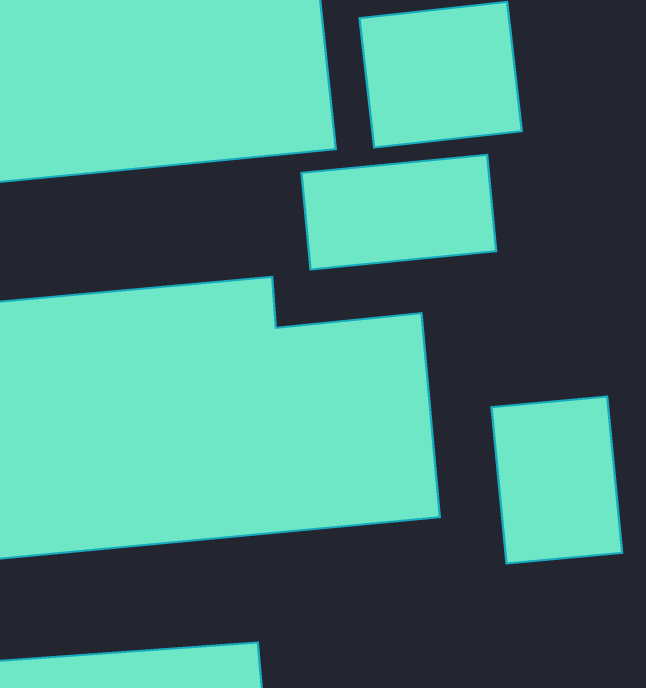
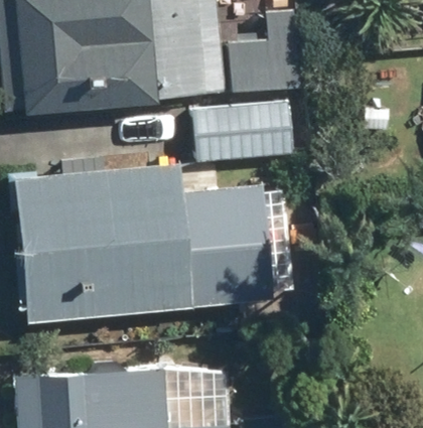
building: [492,397,622,564] -> none

